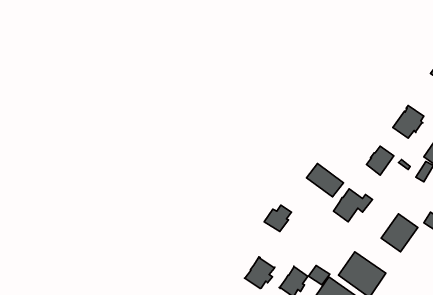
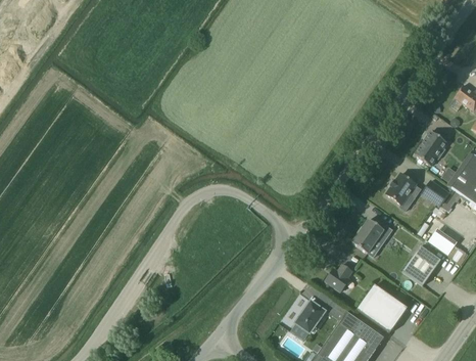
building: [307,164,343,197] -> none
building: [264,205,291,231] -> [325,263,353,290]
building: [244,257,275,289] -> none

